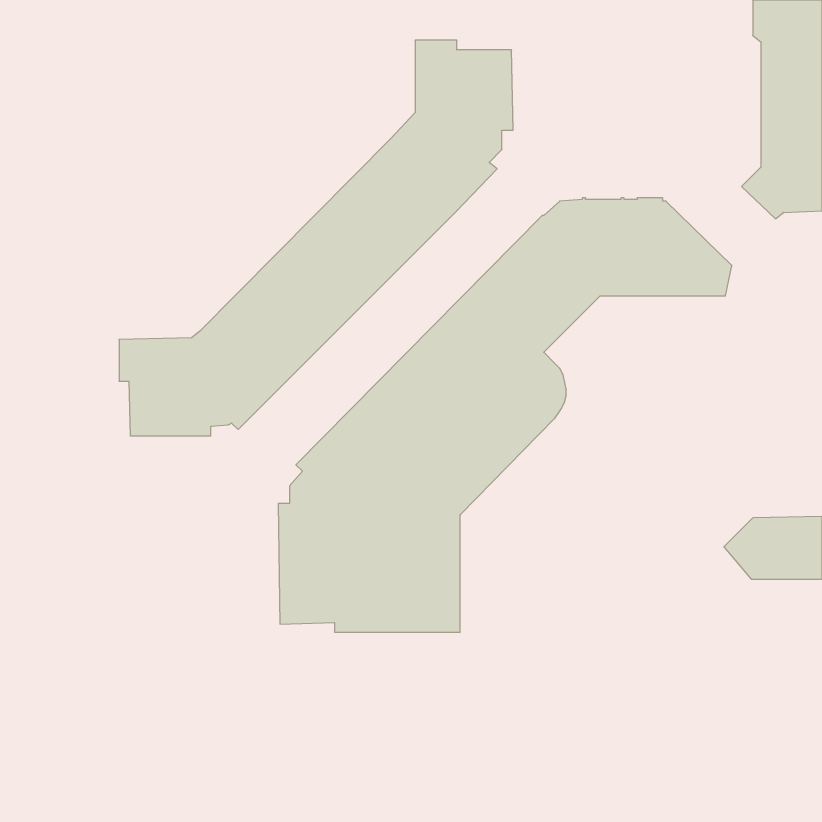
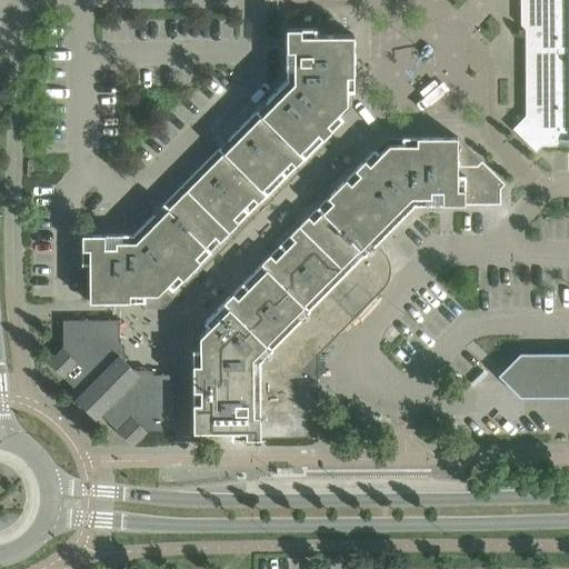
building: none -> [49,320,176,446]

